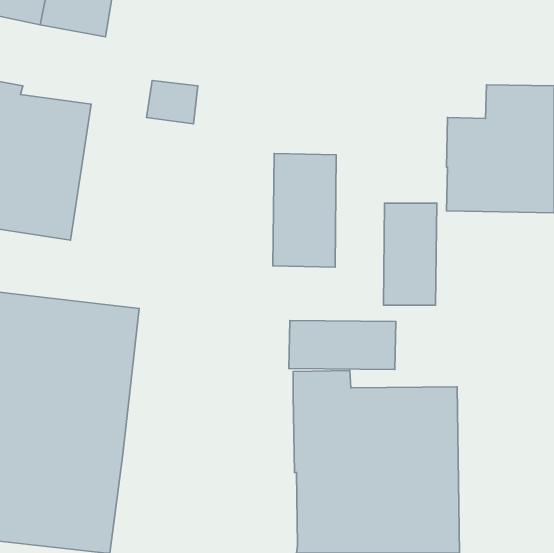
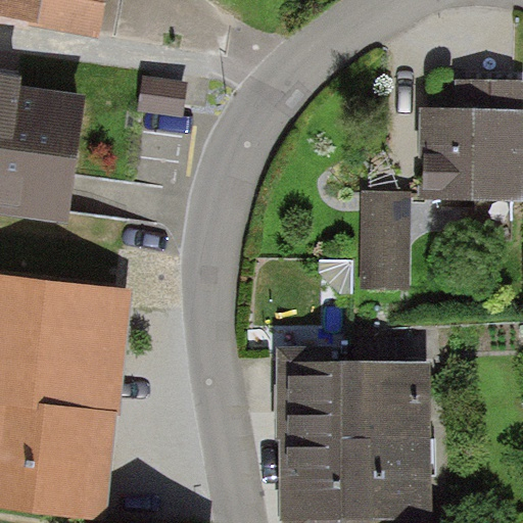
building: [273,154,336,267] -> none
building: [289,320,396,370] -> none

